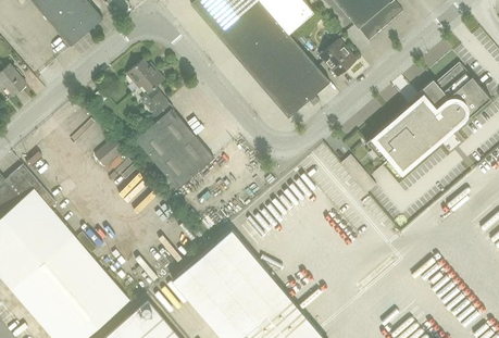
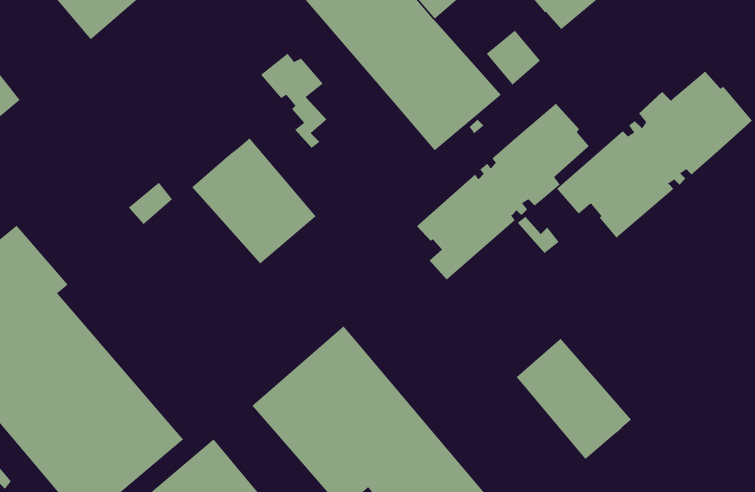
building: [125,60,167,121] -> [260,53,327,149]
building: none -> [416,103,589,281]
building: none -> [516,338,632,460]

